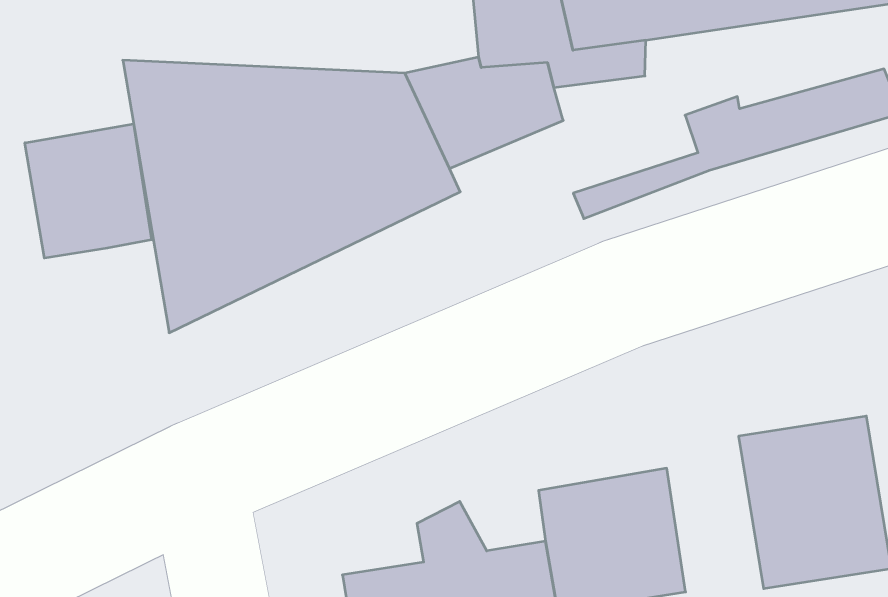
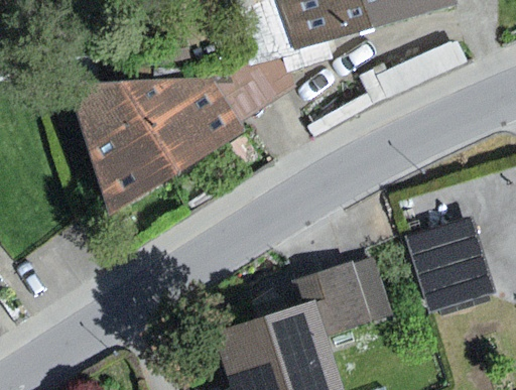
building: [25,124,152,258] -> none

